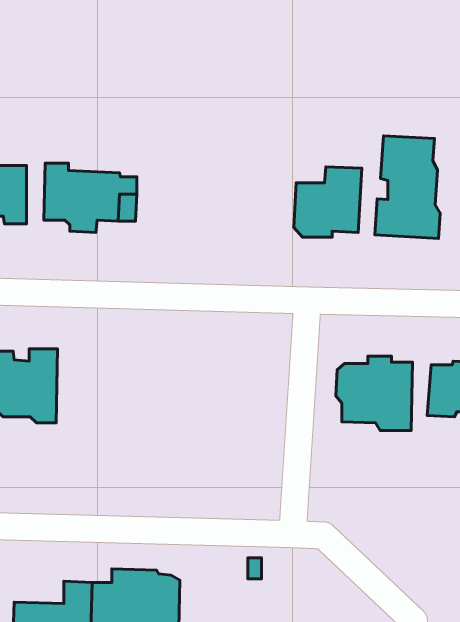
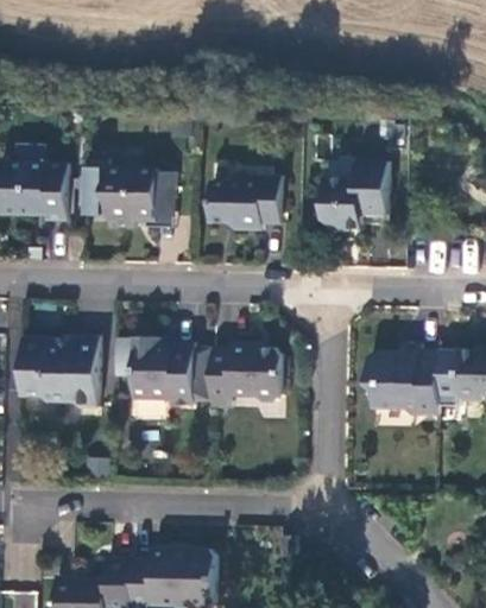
building: [375,136,440,238] -> none
building: none -> [208,176,280,230]
building: none -> [134,337,192,404]
building: none -> [210,342,280,407]

